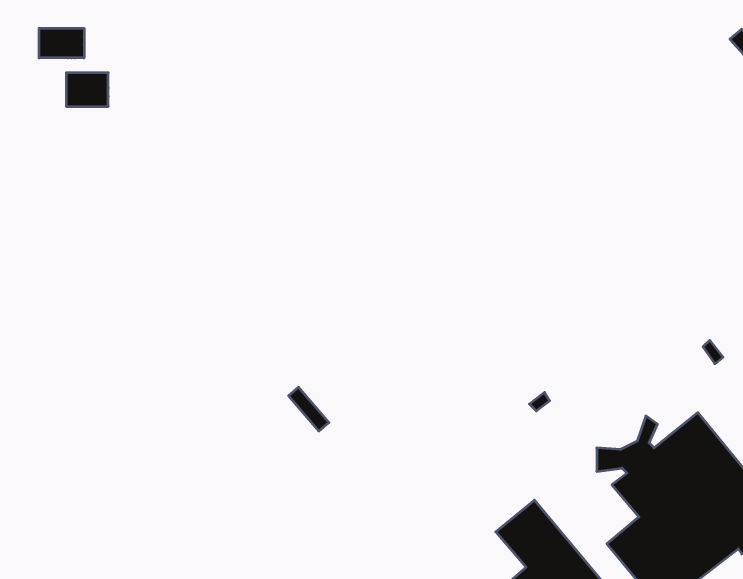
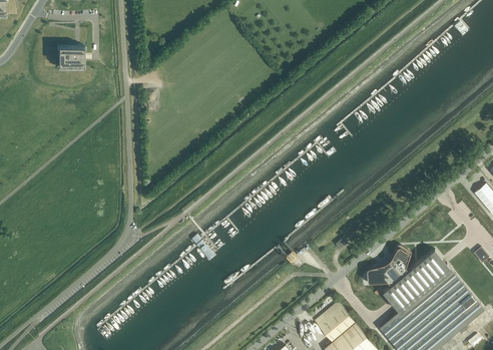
building: [39,28,84,58] -> none

